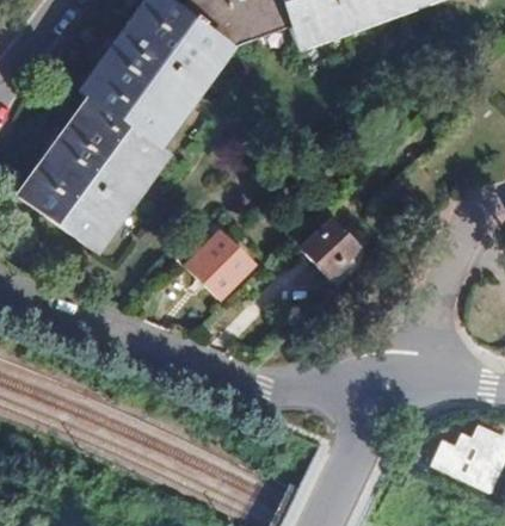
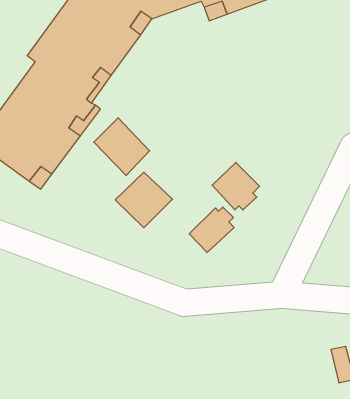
building: none -> [94,118,150,175]
building: none -> [189,207,234,252]

